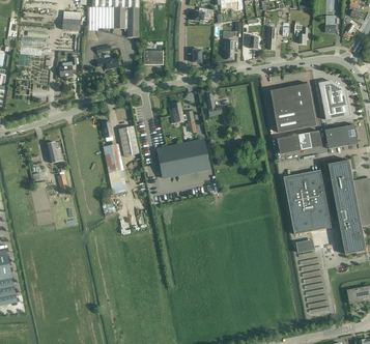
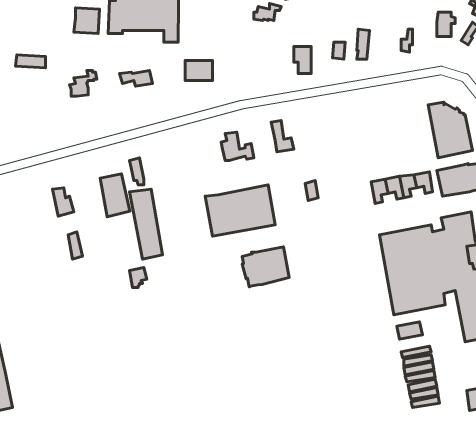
building: [269,83,315,132] -> none
building: [117,125,139,156] -> [100,174,130,217]
building: none -> [242,247,289,287]

